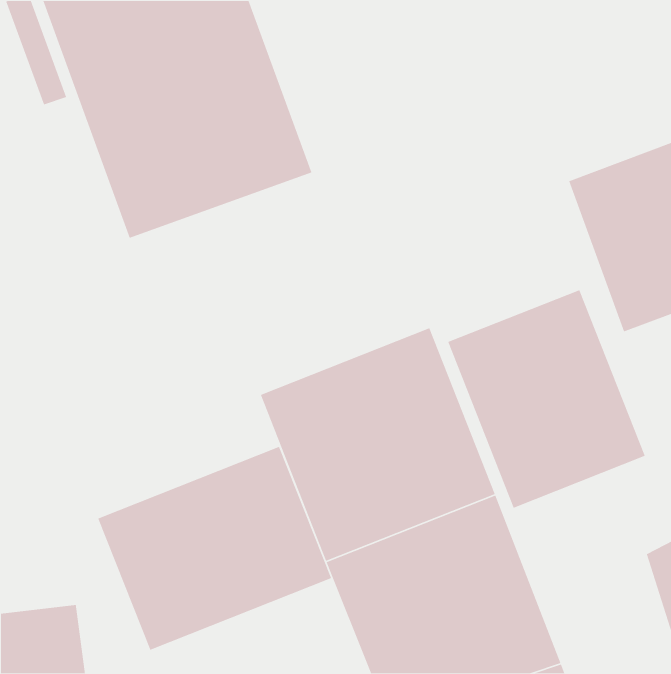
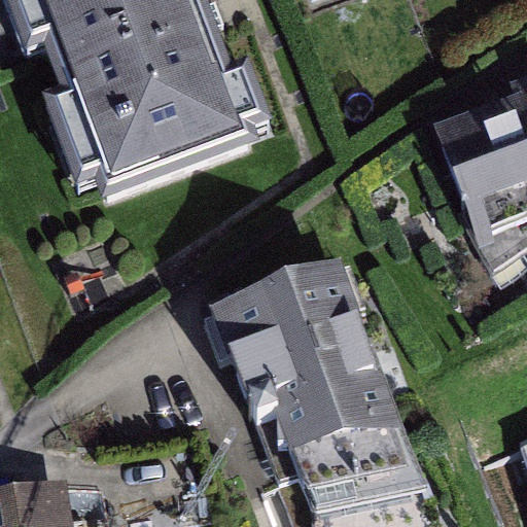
building: [447,289,646,509] -> none
building: [97,446,332,651] -> none

